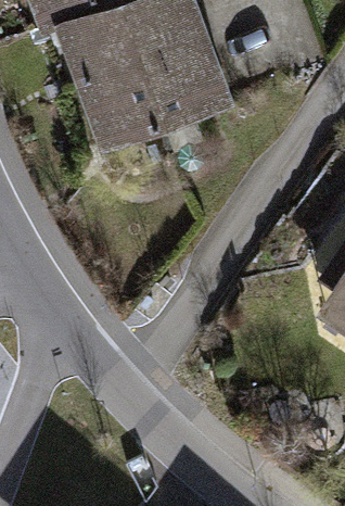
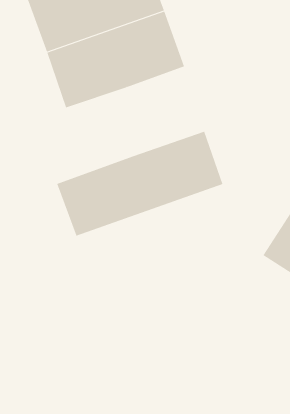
building: none -> [57,131,223,236]

